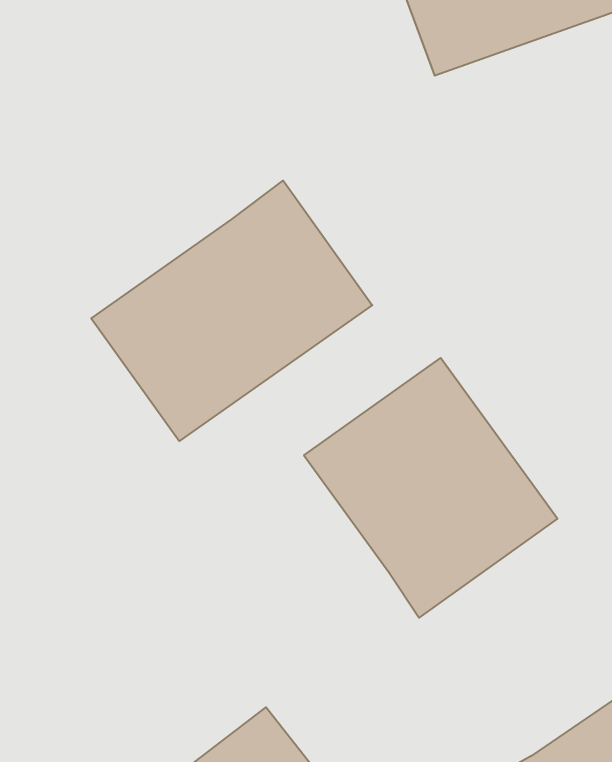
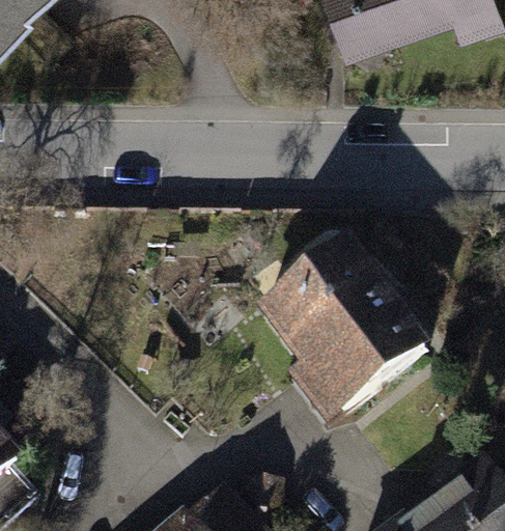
building: [91,181,372,441] -> none

